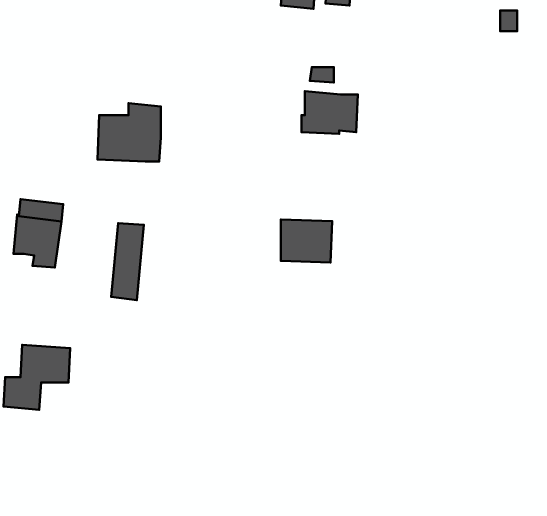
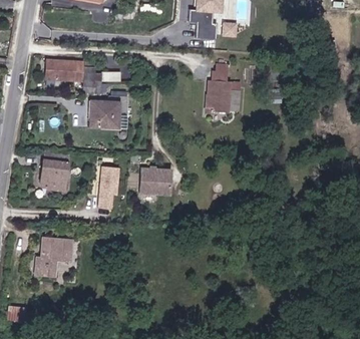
building: none -> [45,59,96,94]
building: [281,220,332,262] -> [143,168,173,194]

